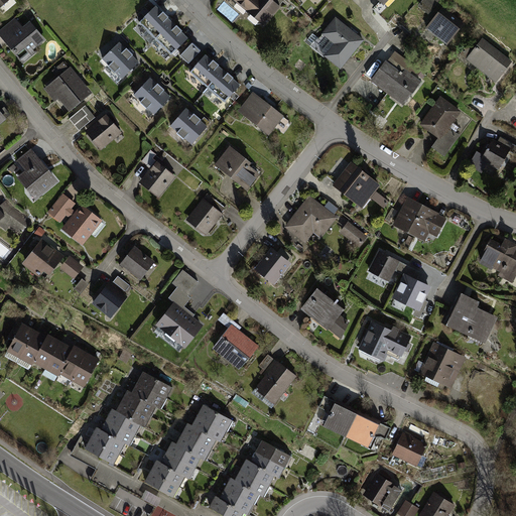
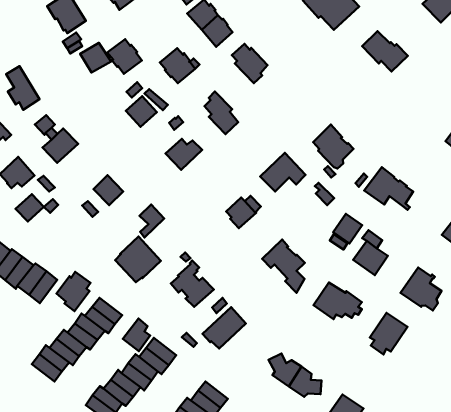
building: [134,79,170,114] -> [107,39,142,74]
building: [422,99,459,154] -> none
building: [95,285,123,313] -> [16,194,44,221]
building: none -> [57,272,91,311]
building: none -> [123,319,150,351]

